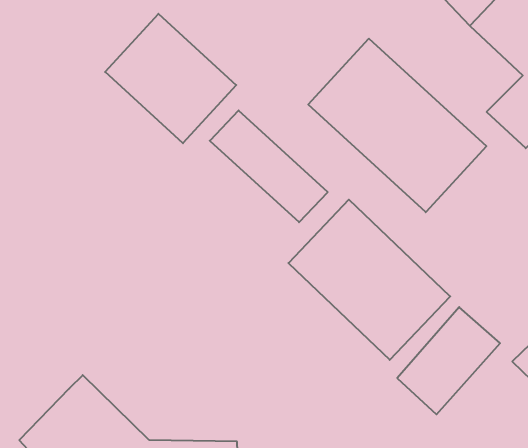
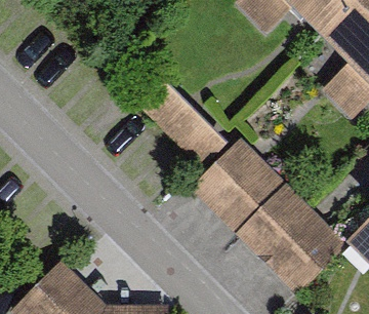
building: [105,14,236,143] -> none
building: [308,39,486,212] -> none

